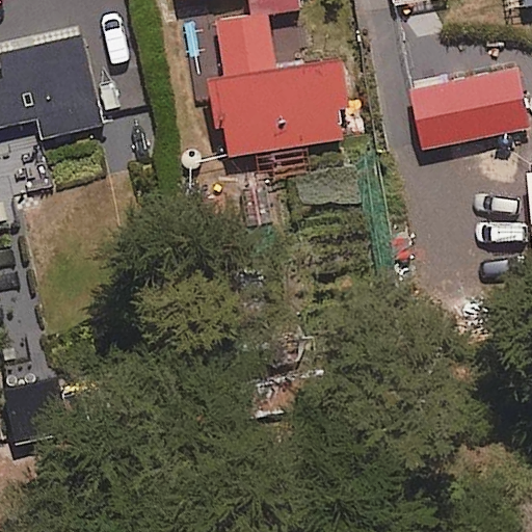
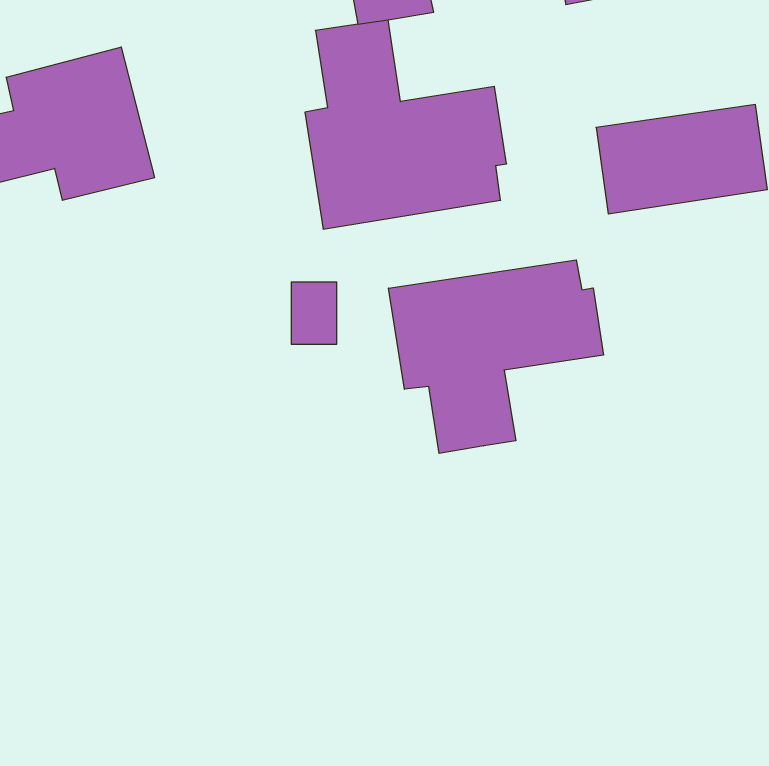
building: none -> [389,260,603,453]

